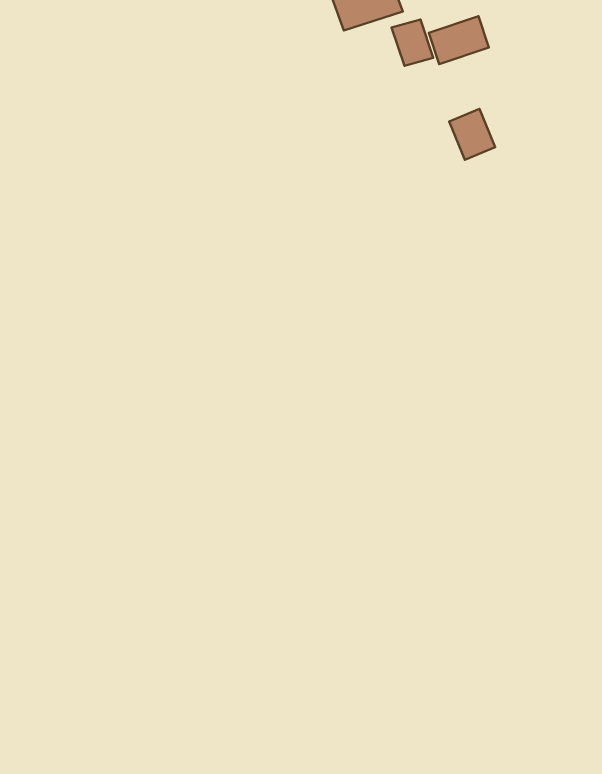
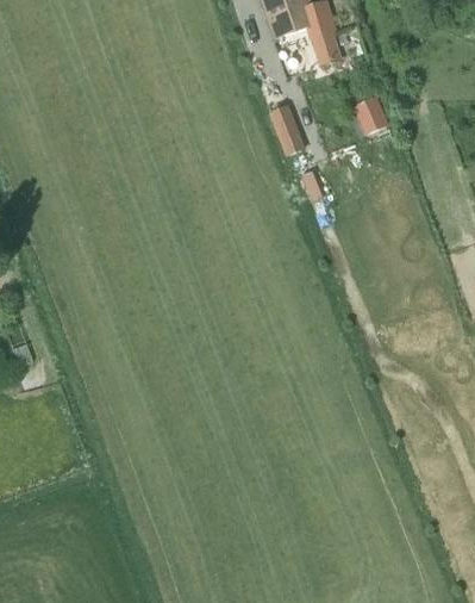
building: [429,16,489,64] -> none
building: none -> [270,104,306,155]

